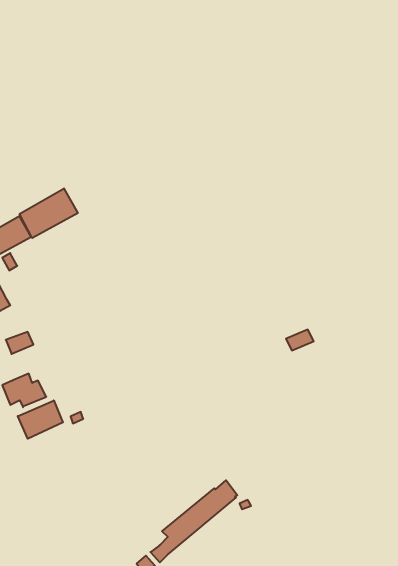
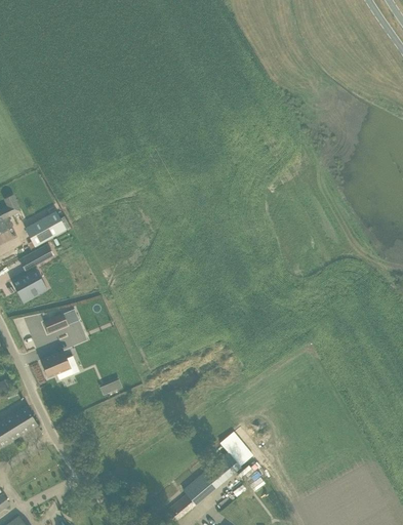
building: [20,188,78,238] -> none
building: [18,400,63,439] -> none

